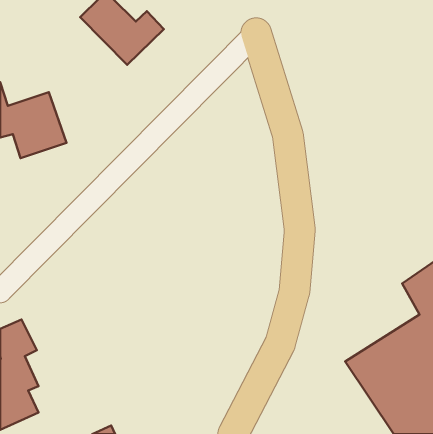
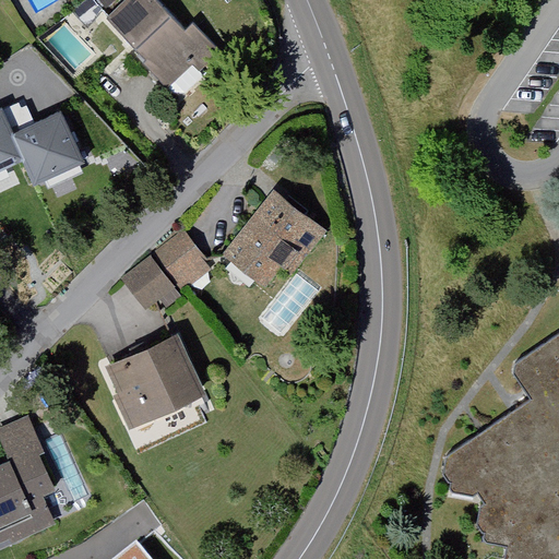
building: none -> [216,185,323,294]
building: none -> [118,228,213,318]
building: none -> [100,331,199,427]

